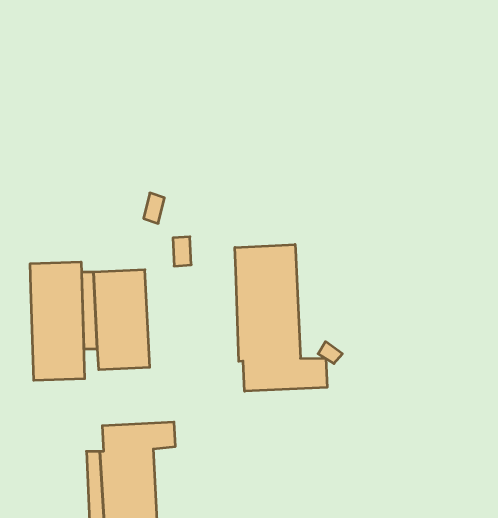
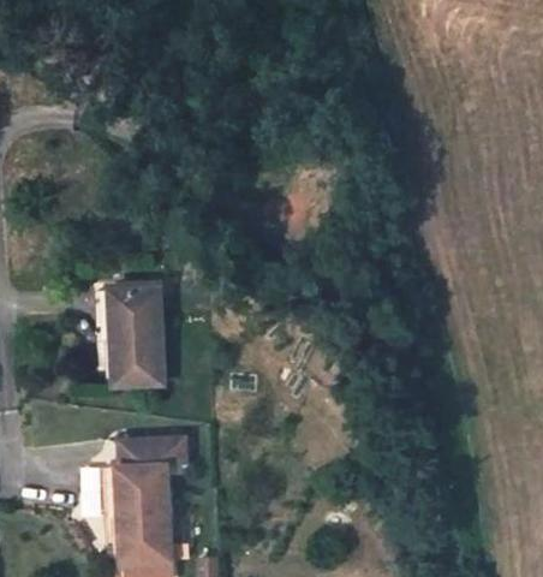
building: [235,244,327,391] -> none
building: [30,262,85,380] -> none

